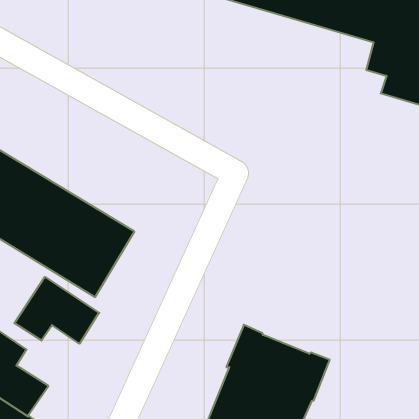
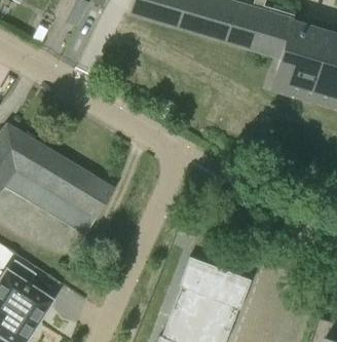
building: [14,277,99,344] -> none

